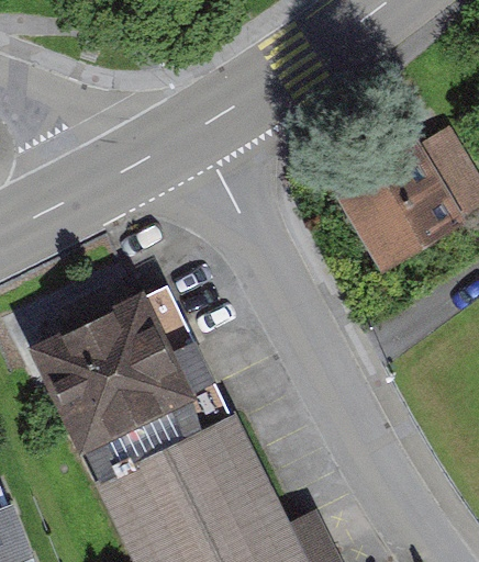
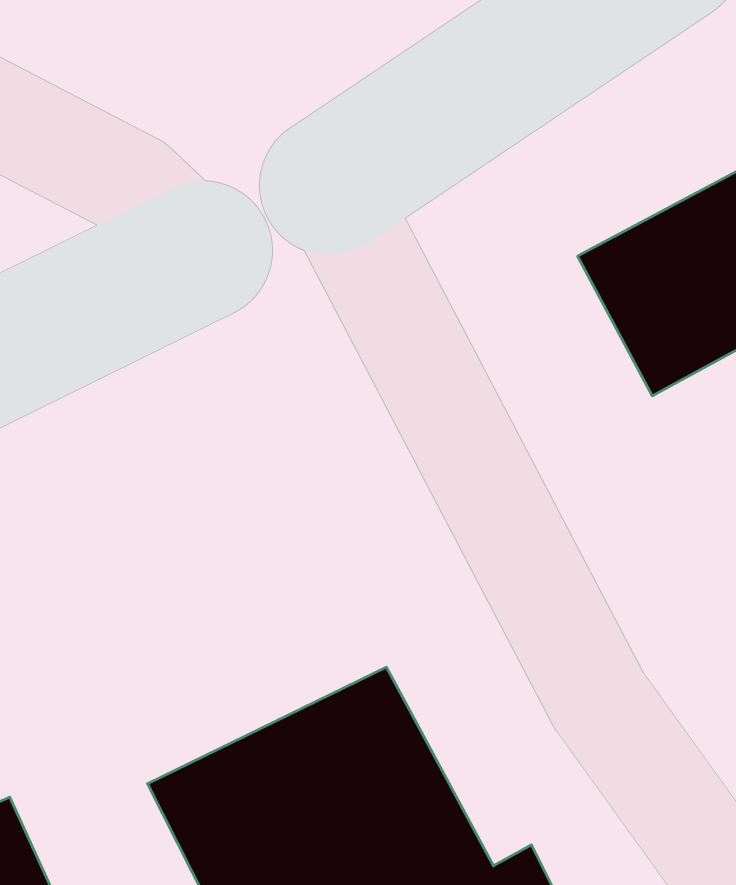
building: [37,292,202,452] -> none

